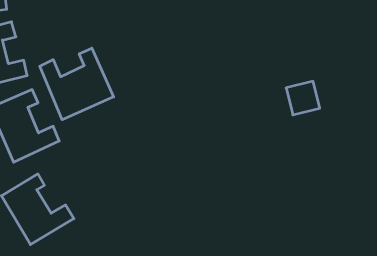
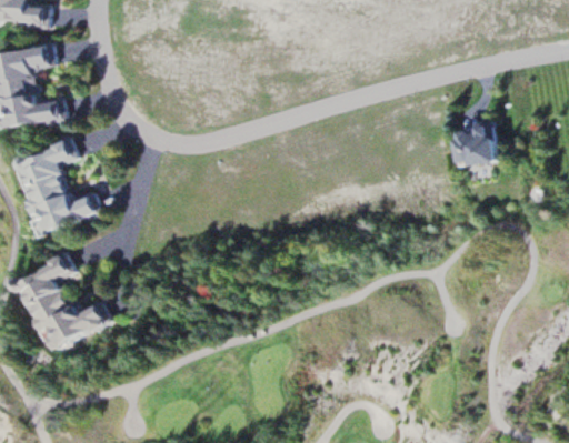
building: [40,48,114,120] -> none
building: [286,81,320,115] -> [459,121,501,163]

